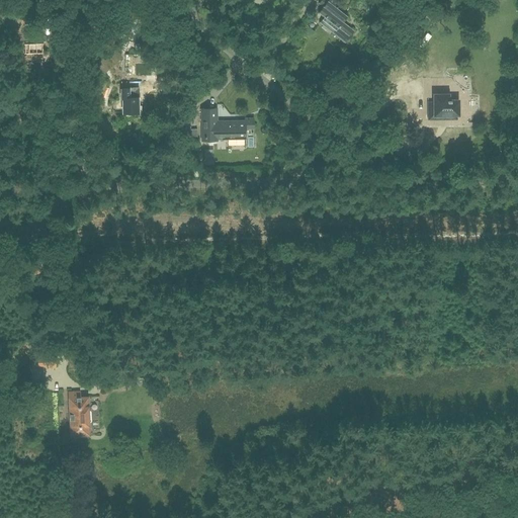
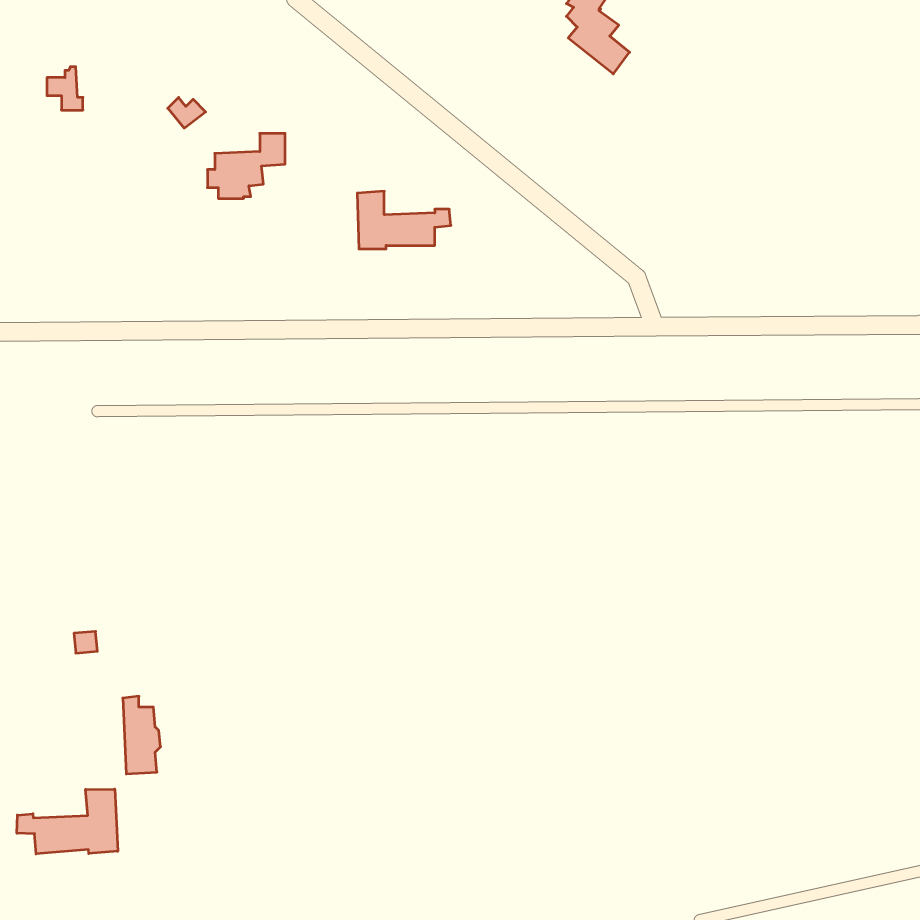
building: [435,97,463,120] -> none
building: none -> [17,789,118,854]

